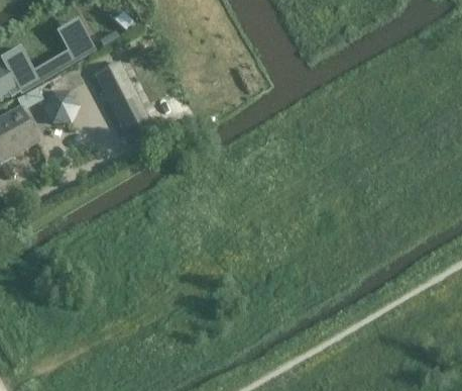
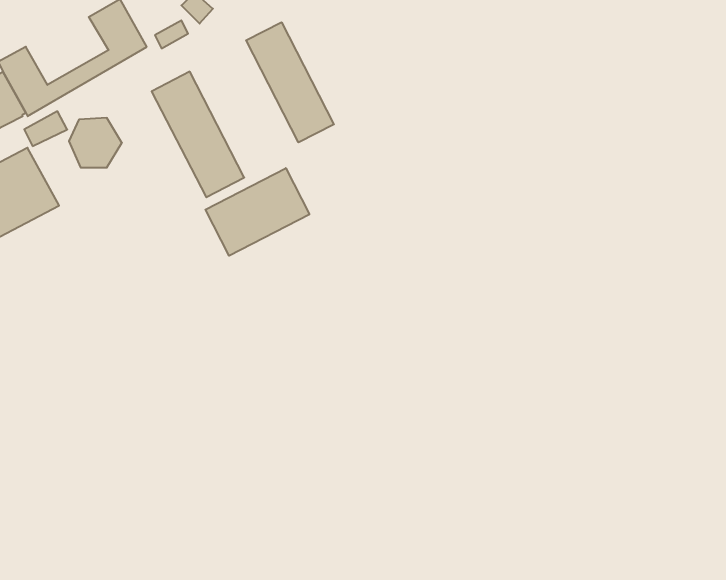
building: none -> [246,22,334,142]
building: none -> [205,168,309,256]

